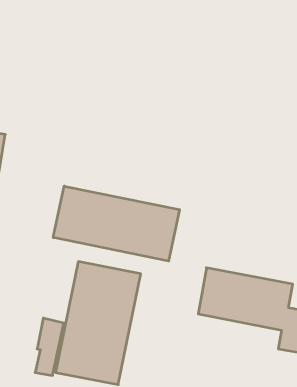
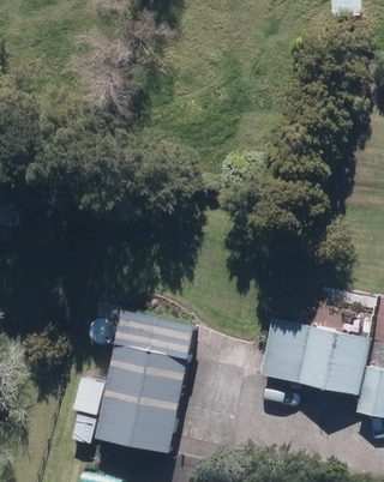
building: [53,186,180,261] -> none

